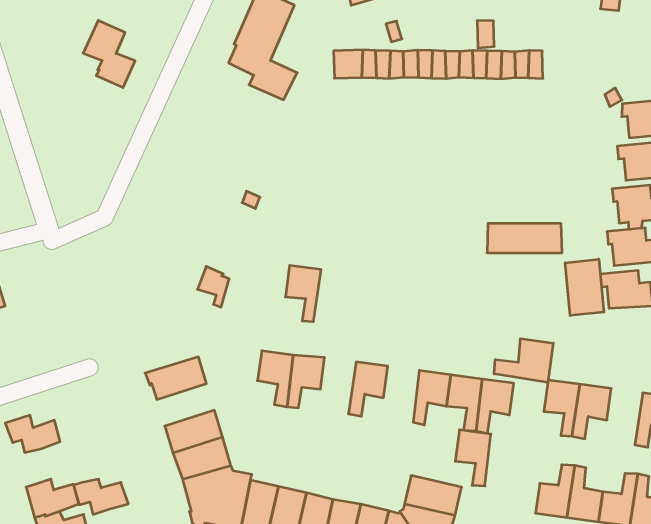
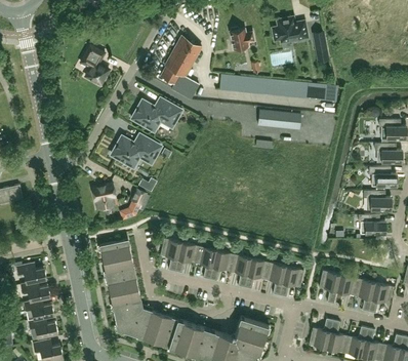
building: none -> [132,98,180,130]
building: none -> [112,134,160,167]
building: [487,223,562,253] -> [257,110,300,130]
building: [565,259,604,316] -> none
building: none -> [91,184,116,210]
building: [285,265,321,322] -> [195,246,216,279]
building: [494,339,553,383] -> none
building: none -> [103,254,134,276]
building: none -> [354,279,375,312]
building: [455,430,491,486] -> [230,254,251,287]
building: [74,479,128,514] -> [21,282,50,302]

